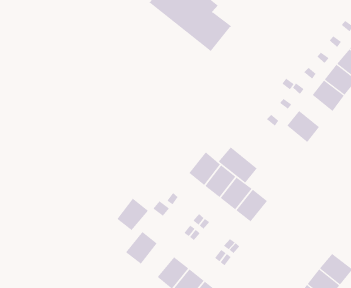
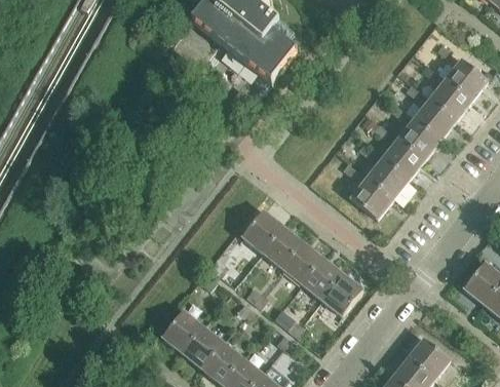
building: none -> [381,139,424,180]
building: none -> [349,178,392,220]
building: [218,146,257,183] -> none
building: [116,198,149,231] -> [182,326,223,369]
building: none -> [320,273,362,316]

